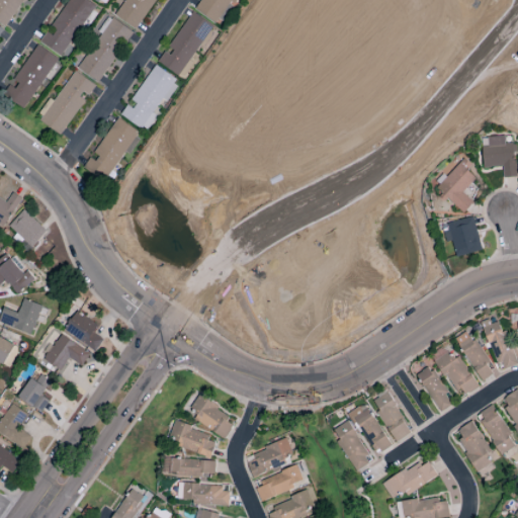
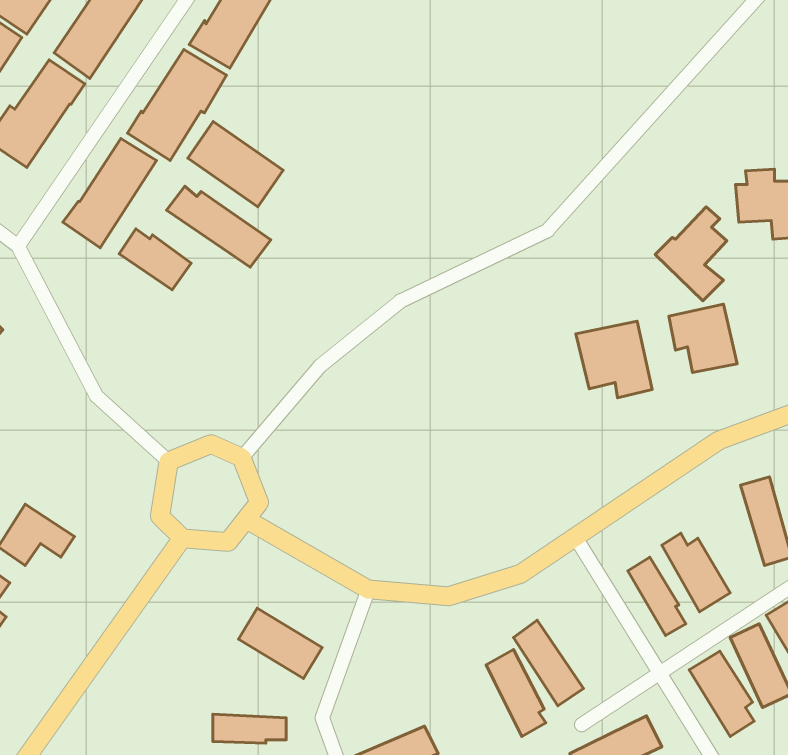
building: none -> [188,121,283,207]
building: none -> [166,186,271,267]
building: none -> [119,229,191,290]
building: none -> [576,321,652,398]
building: [64,311,104,351] -> none
building: [458,332,494,381] -> none
building: [372,391,411,441] -> none
building: [168,422,218,457] -> none
building: [245,439,294,478] -> none

